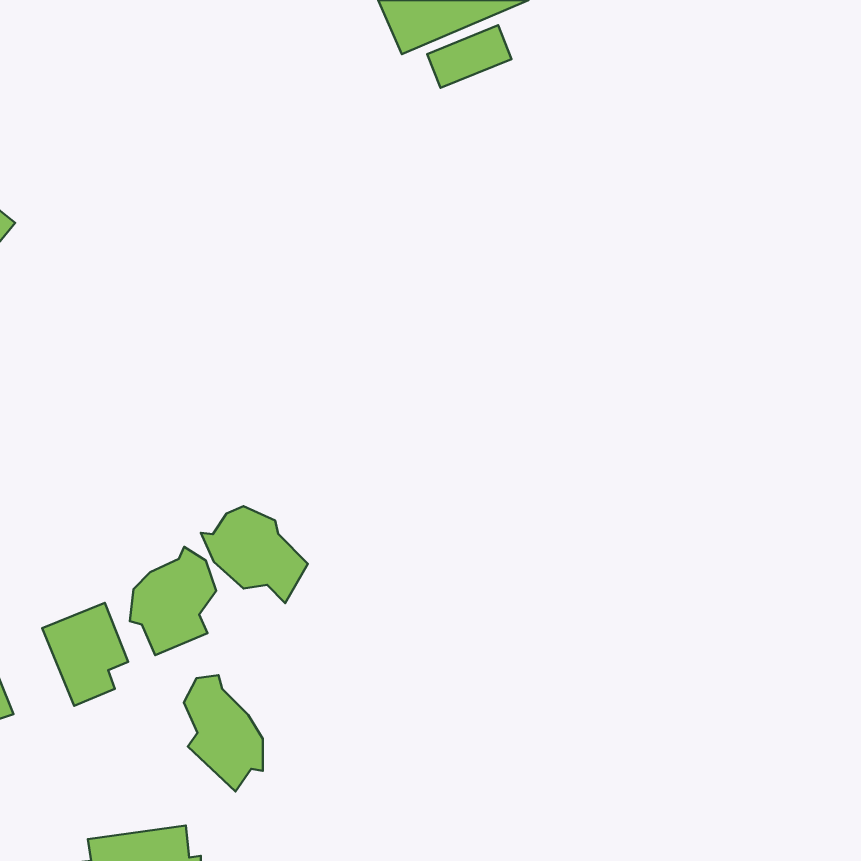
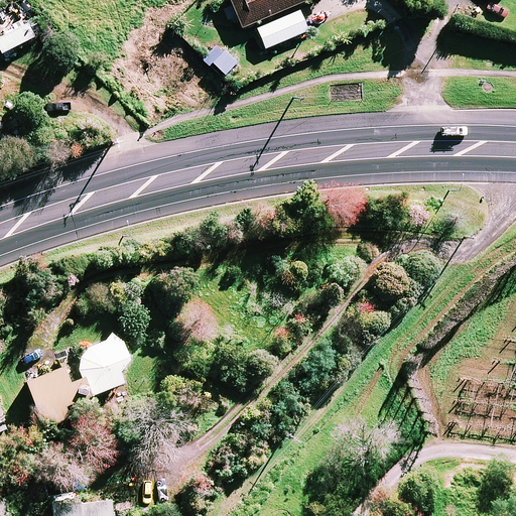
building: [201,506,308,603] -> none
building: [184,675,263,791] -> none

